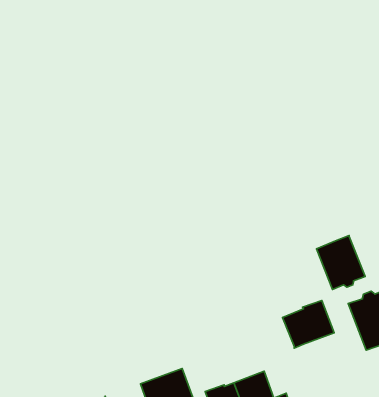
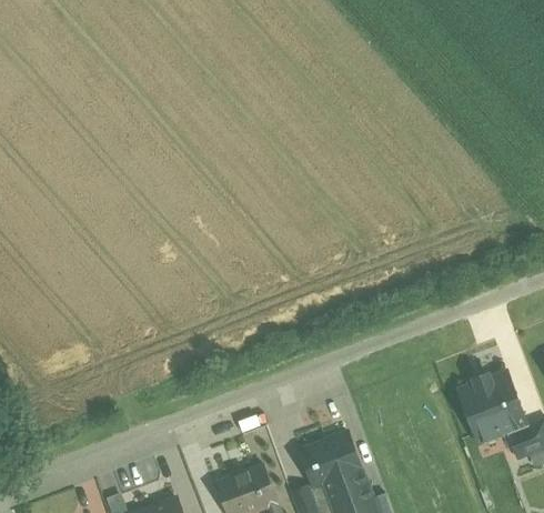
building: [317,235,365,290] -> none
building: [283,300,334,348] -> [301,432,361,487]

